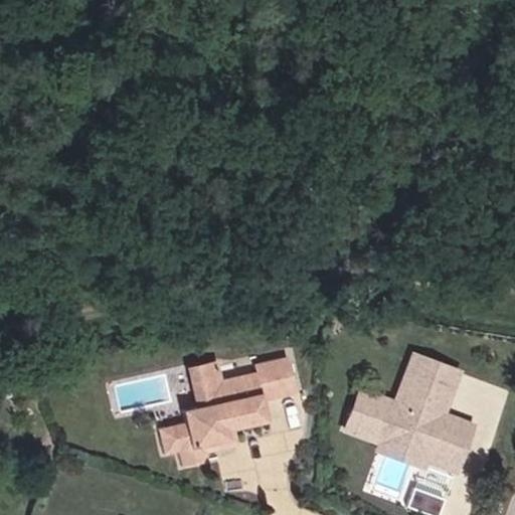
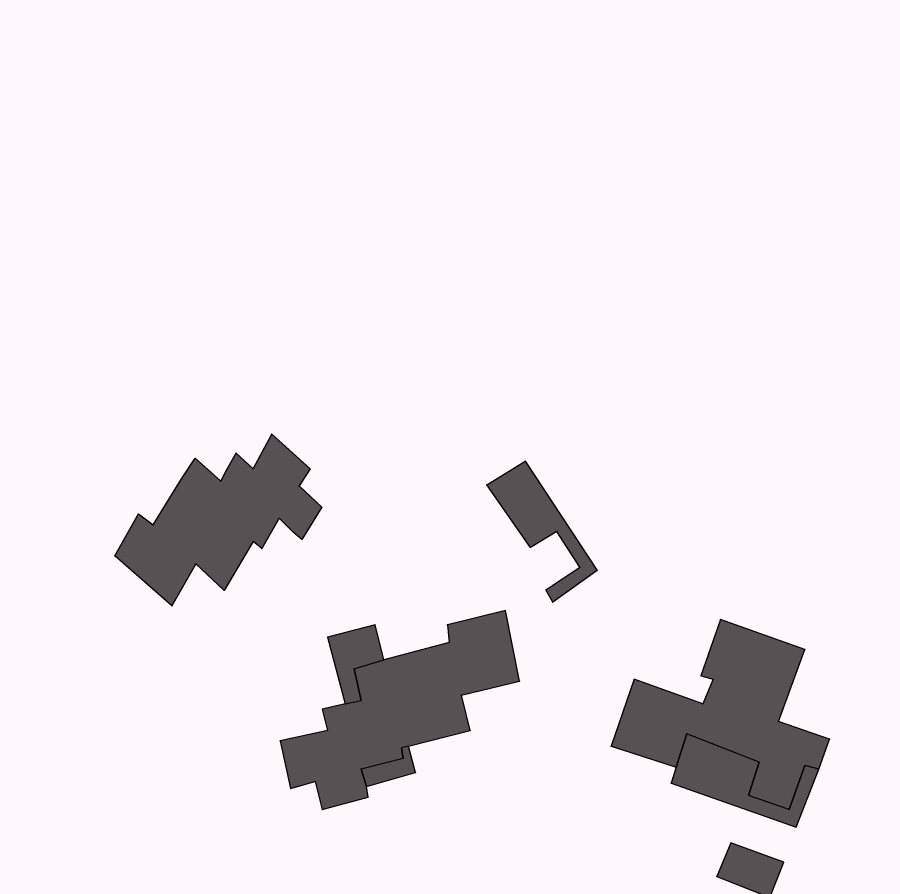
building: none -> [115,434,322,606]
building: none -> [487,461,597,602]

